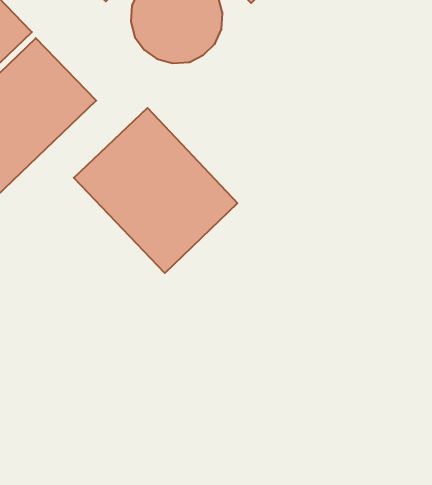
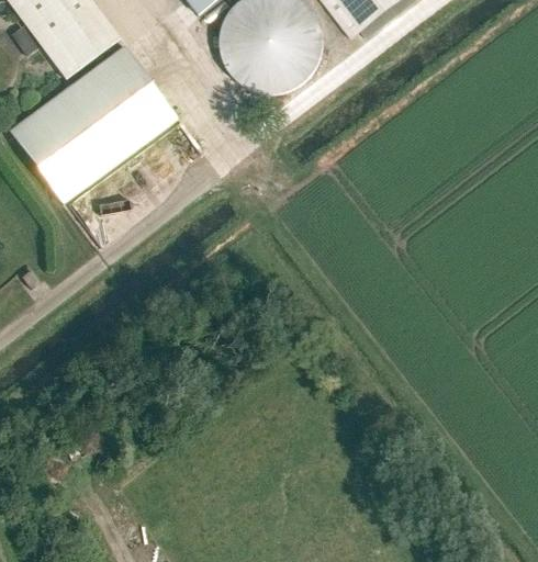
building: [74,108,237,273] -> none

